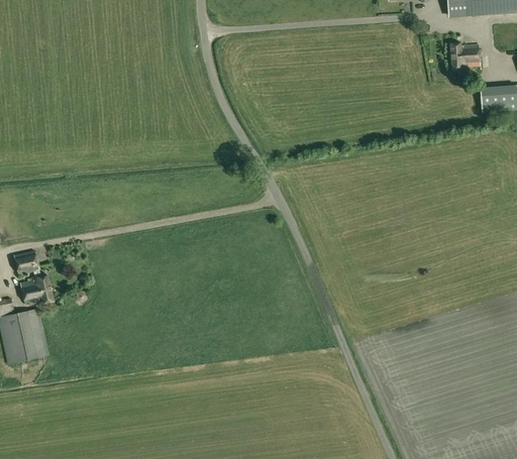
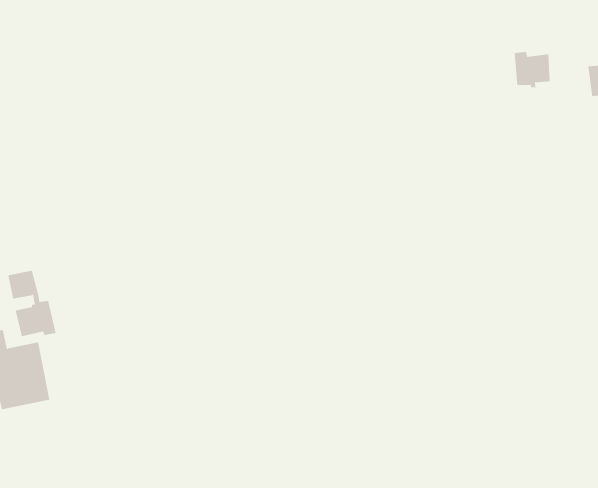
building: [450,42,480,72] -> [514,51,550,88]

